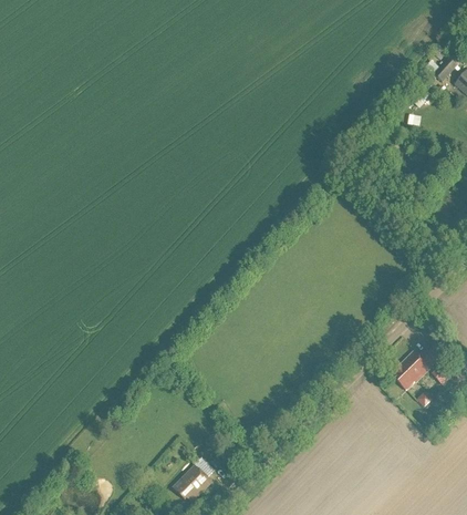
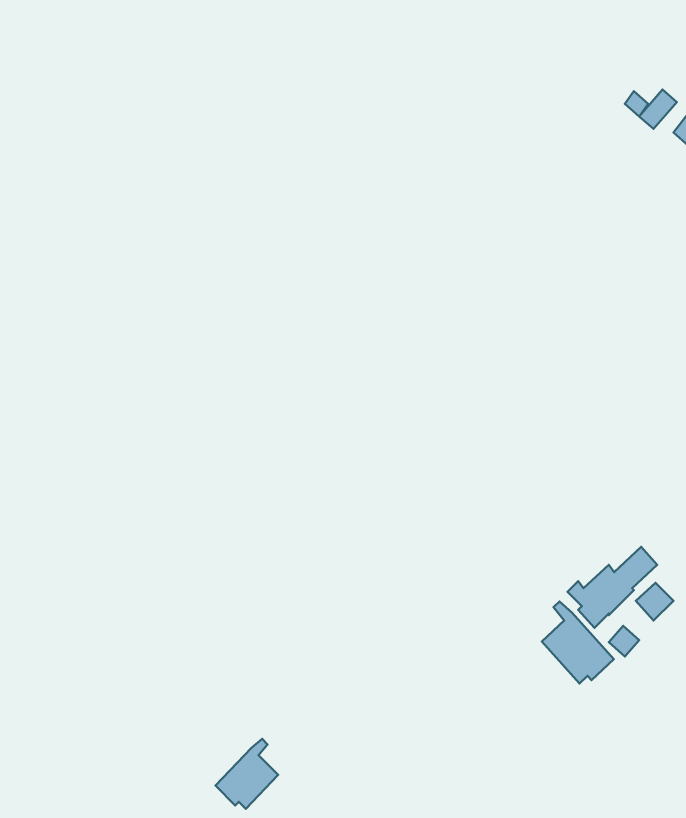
building: none -> [542,601,614,684]

